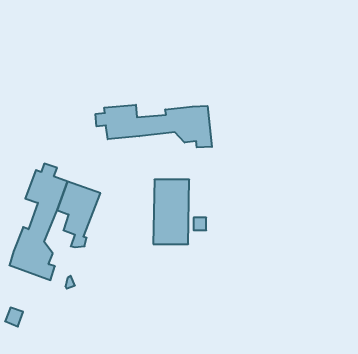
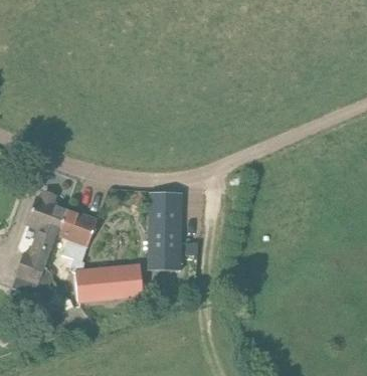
building: [96,105,212,147] -> none
building: none -> [73,263,140,301]

